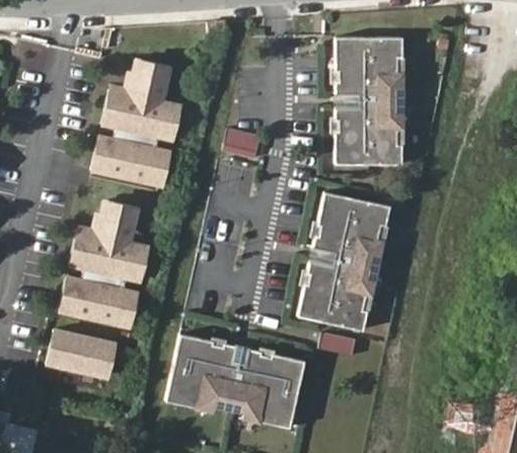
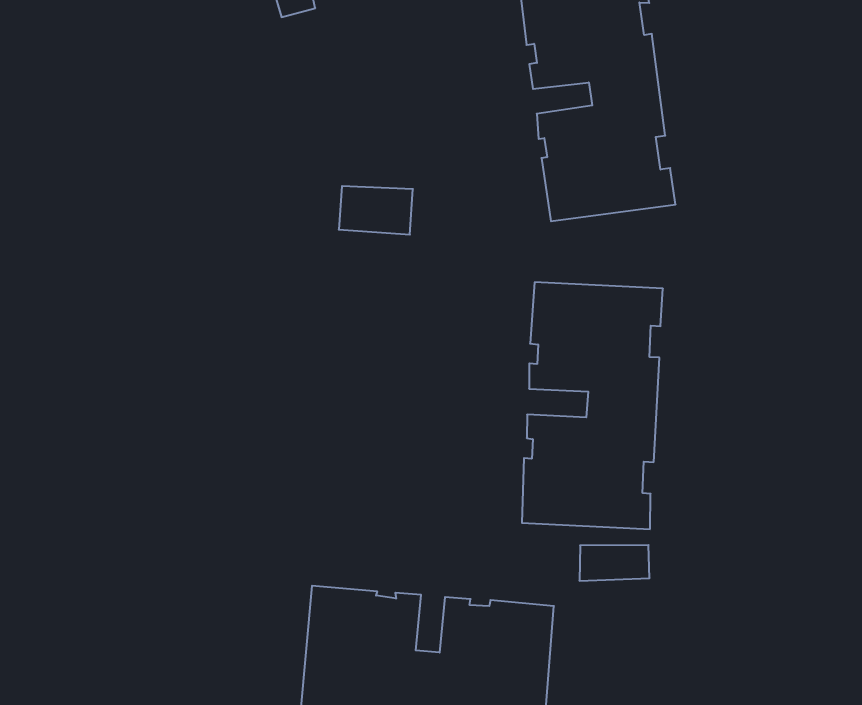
building: [92,63,179,187] -> none
building: [60,203,146,327] -> none
building: [48,331,113,377] -> none

